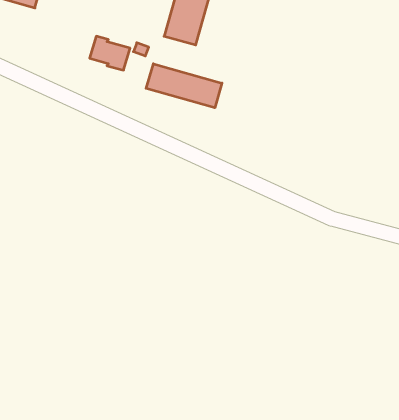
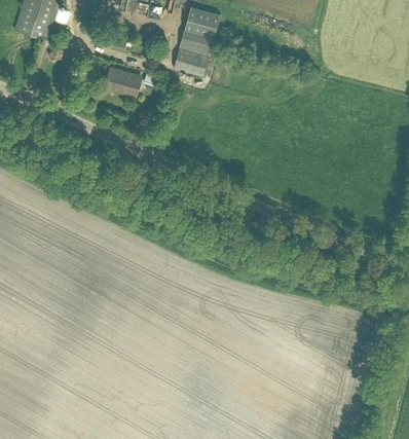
building: [146,64,222,108] -> none

